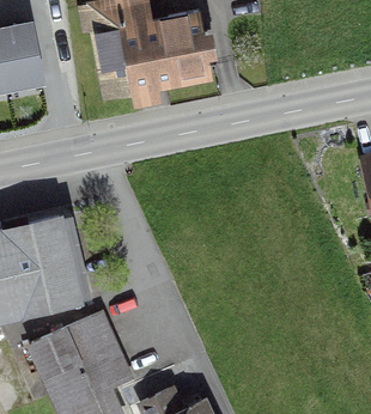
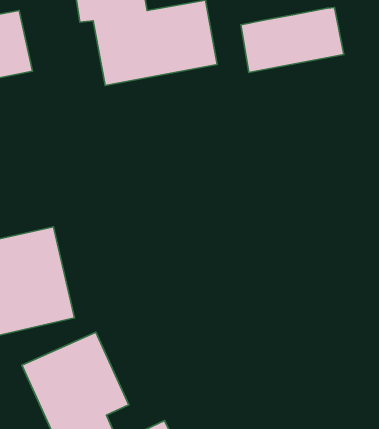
building: none -> [241,7,344,72]

